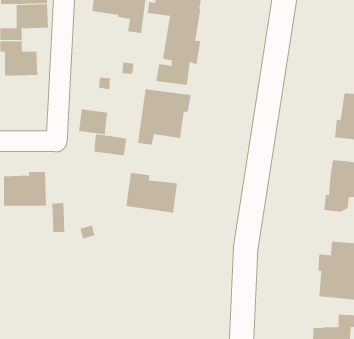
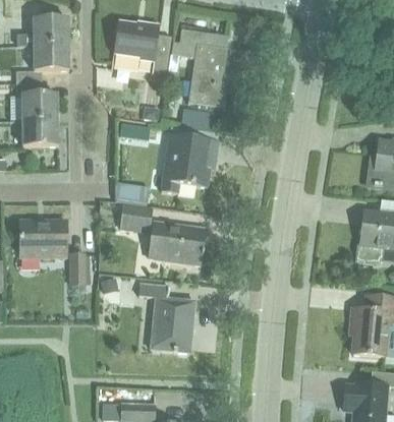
building: none -> [21,119,57,145]
building: [78,109,108,135] -> [120,203,152,231]
building: none -> [138,282,194,352]

